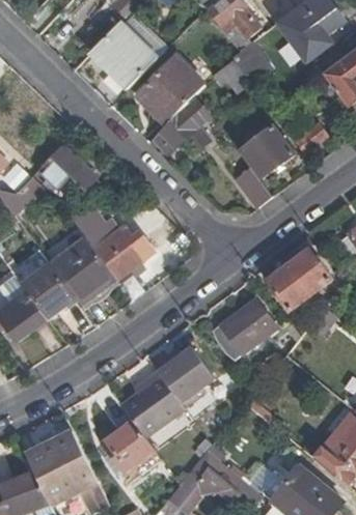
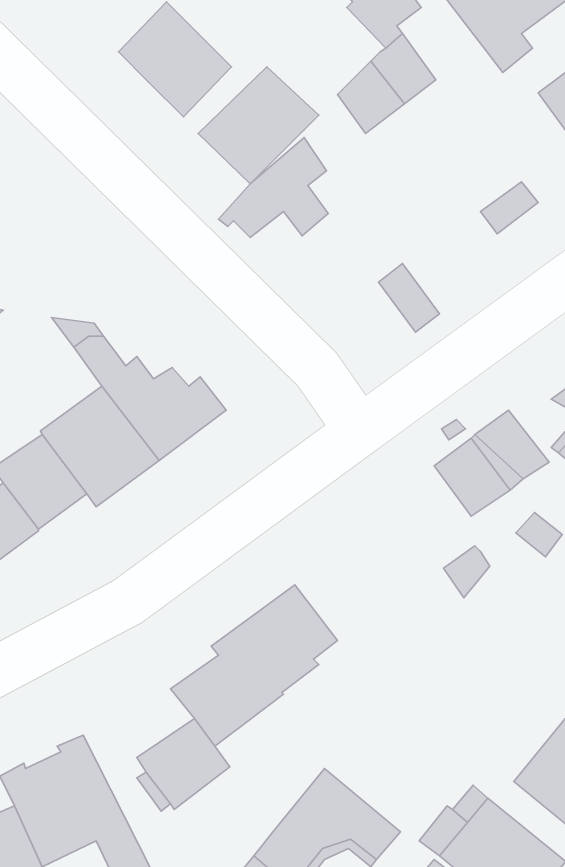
building: [240,125,294,177] -> none
building: [37,144,98,194] -> none
building: [216,298,279,356] -> none

